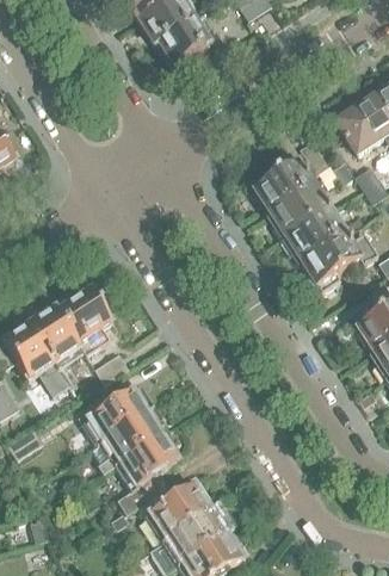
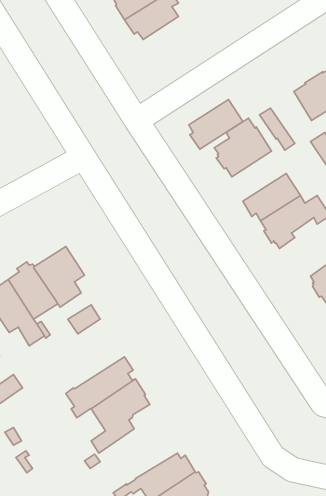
building: [268,185,327,239] -> [189,100,243,149]
building: [78,380,153,442] -> none
building: [125,481,215,538] -> none

